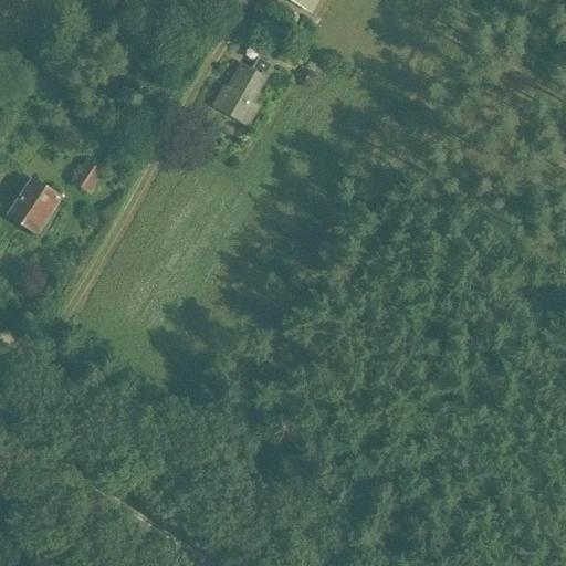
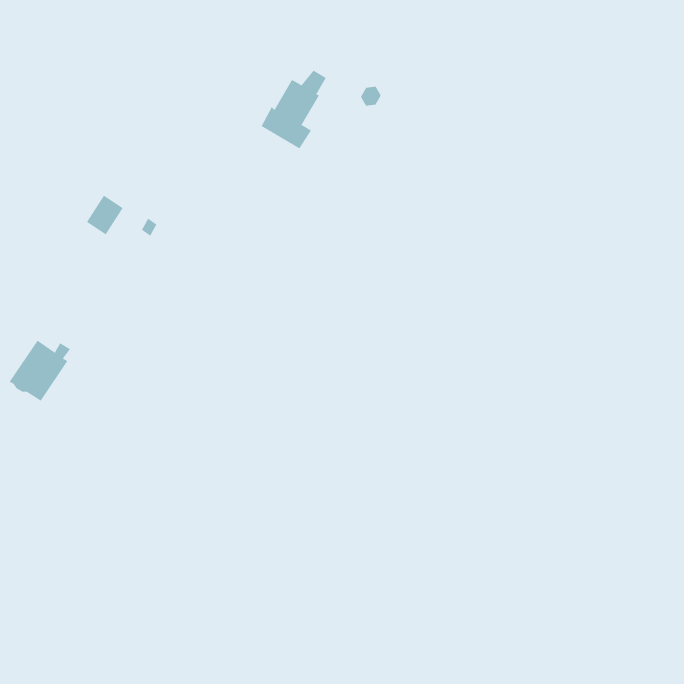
building: [9,181,60,232] -> [9,340,71,402]

